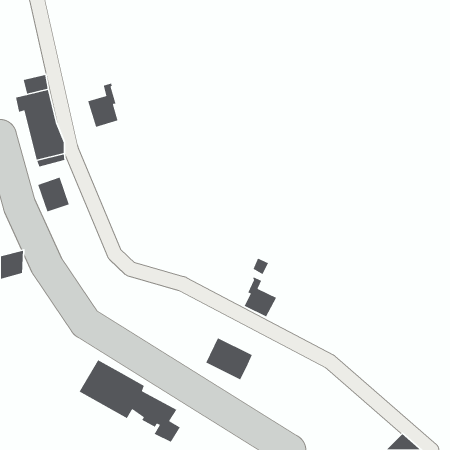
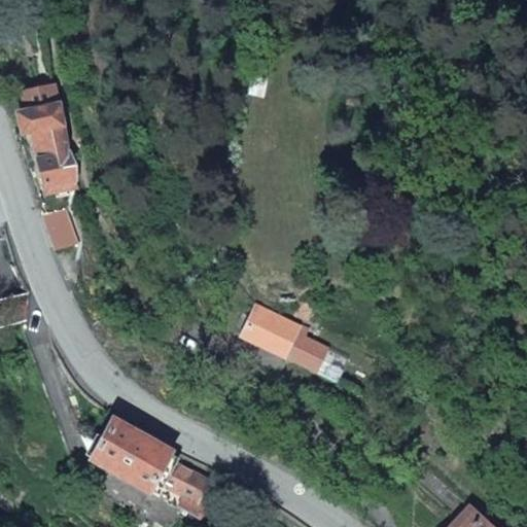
building: [87,83,119,128] -> none
building: [205,337,253,380] -> [241,306,296,356]

